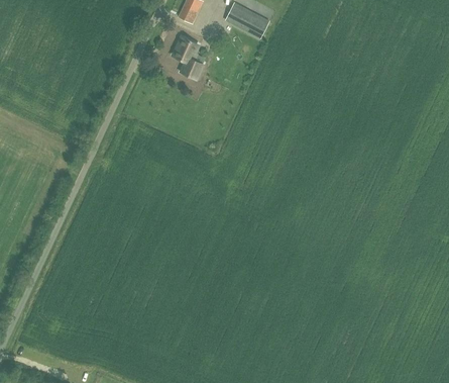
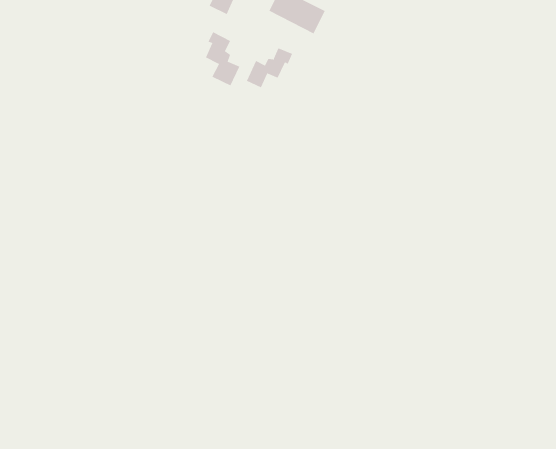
building: none -> [246,47,293,88]

